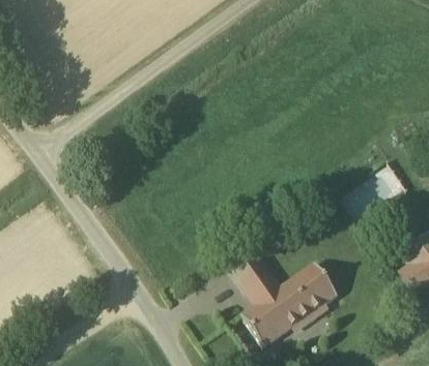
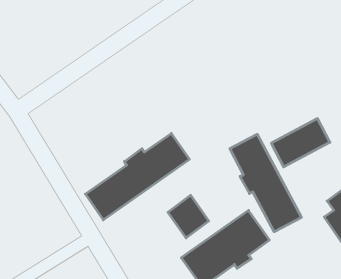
building: none -> [85,133,189,220]
building: none -> [230,134,301,232]

